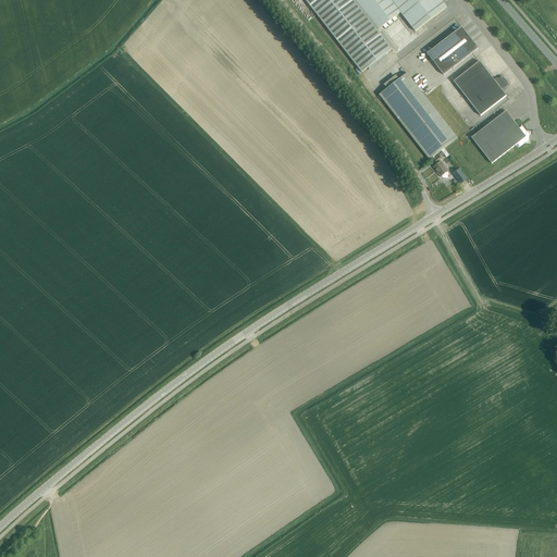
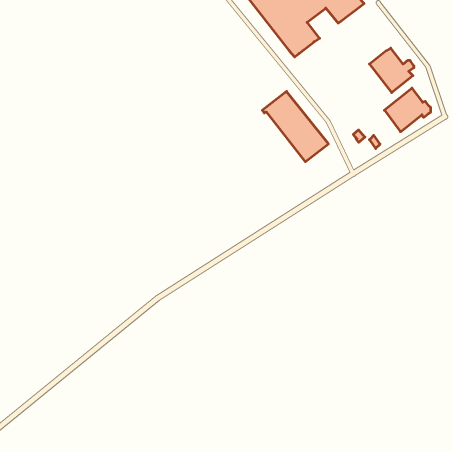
building: [426,24,478,72] -> none
building: [375,71,456,157] -> [262,91,328,162]

